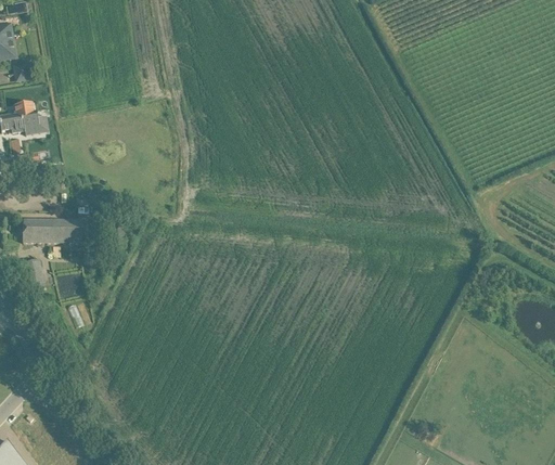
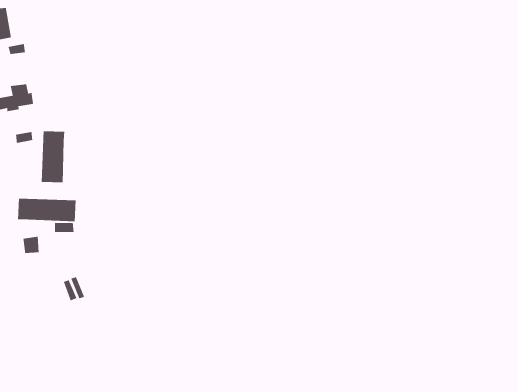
building: none -> [41,131,65,183]

